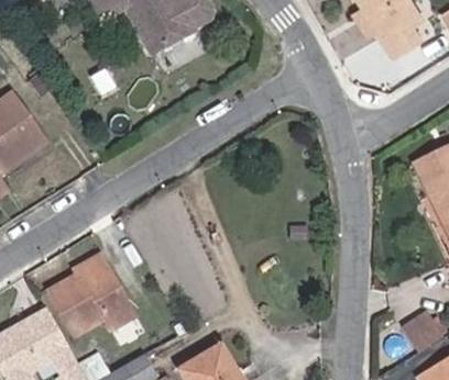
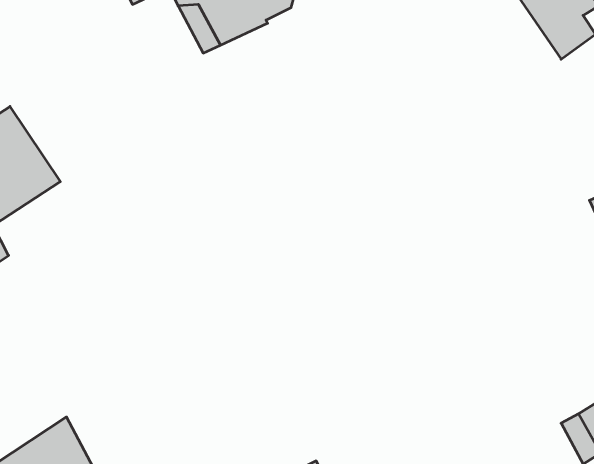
building: [48,254,136,327] -> none

